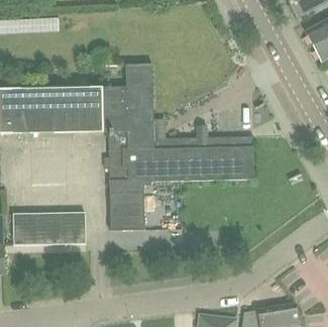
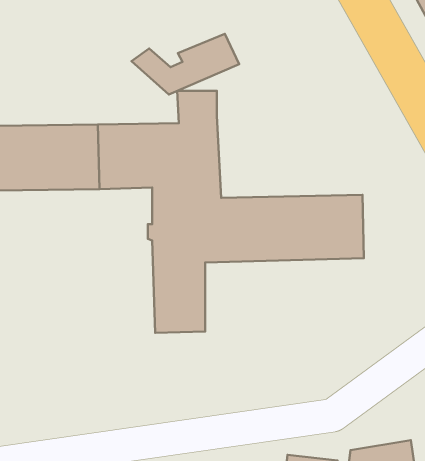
building: none -> [132,34,239,94]
building: [13,212,86,244] -> none

